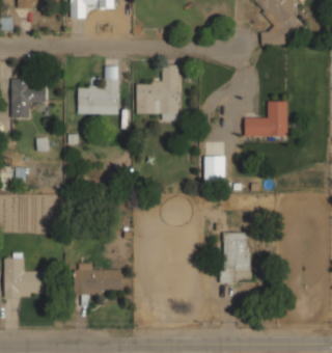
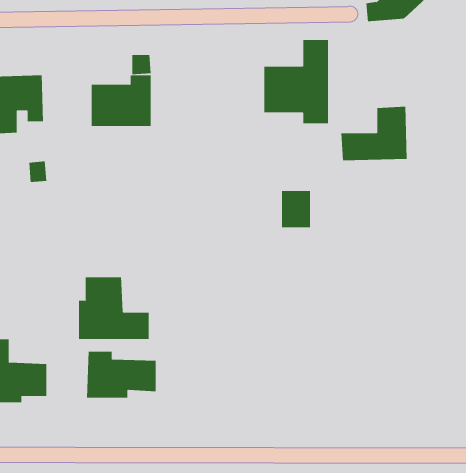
building: [136,65,179,121] -> [263,40,329,124]
building: none -> [78,276,149,340]
building: [222,233,250,282] -> none

